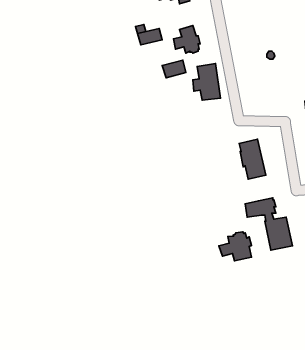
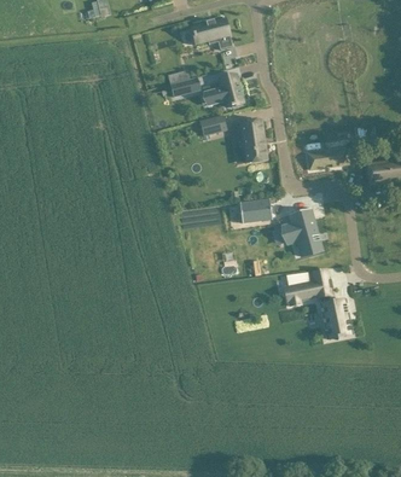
building: none -> [307,147,347,169]
building: none -> [239,199,271,222]
building: [219,232,252,261] -> none

